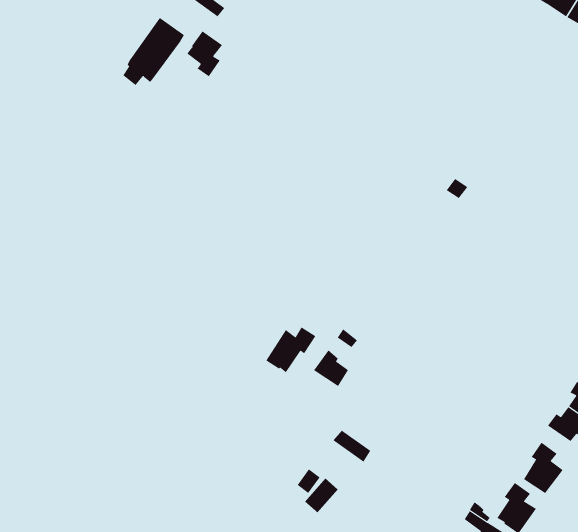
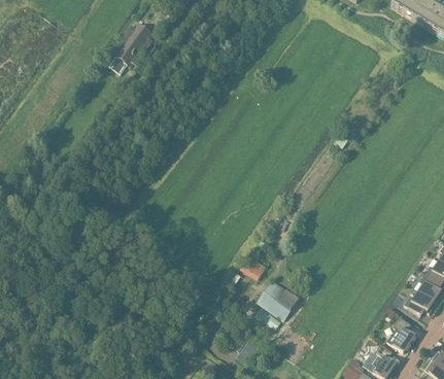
building: [186,31,223,77] -> none
building: [265,327,316,373] -> none
building: none -> [258,279,299,319]

